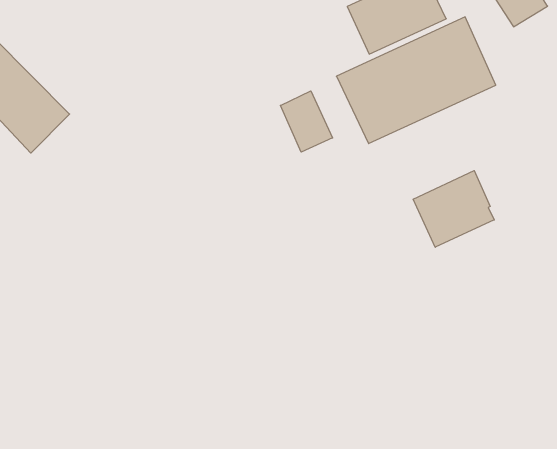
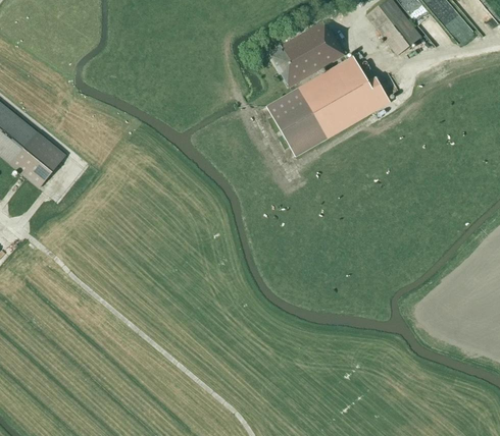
building: [280,91,333,152] -> none
building: [413,171,494,247] -> none

